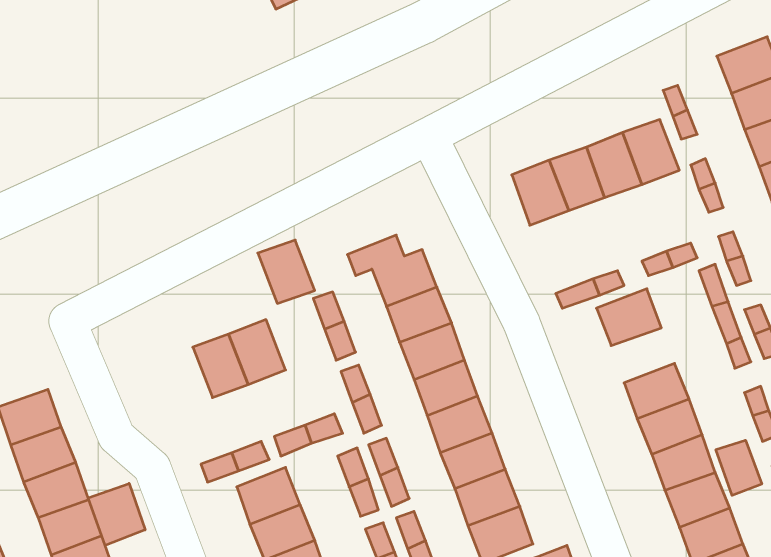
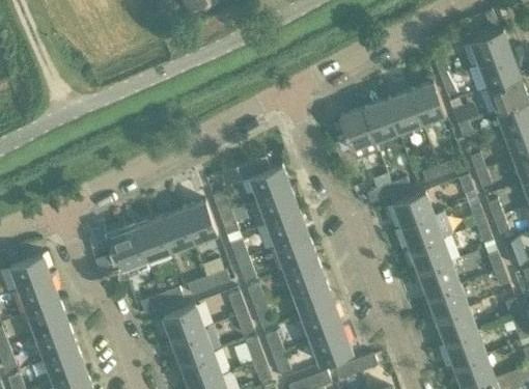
building: [258,240,315,303] -> [182,202,218,243]
building: none -> [401,216,442,251]
building: none -> [111,228,147,270]
building: [716,440,762,495] -> none
building: [88,483,145,545] -> none

